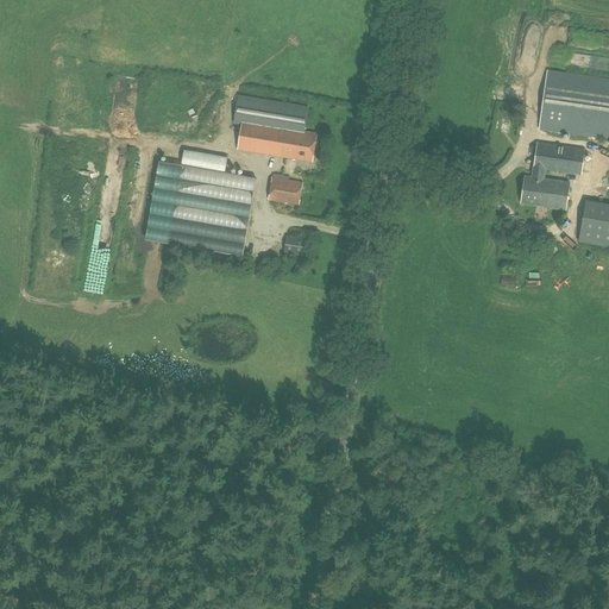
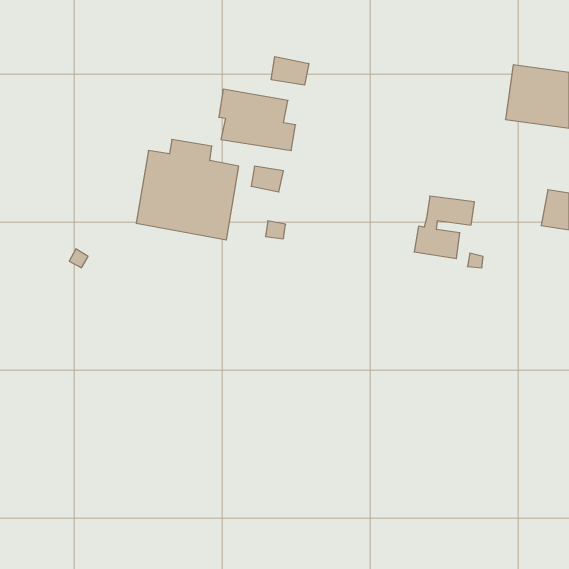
building: none -> [271,57,309,85]
building: [520,143,584,209] -> [414,196,474,259]

